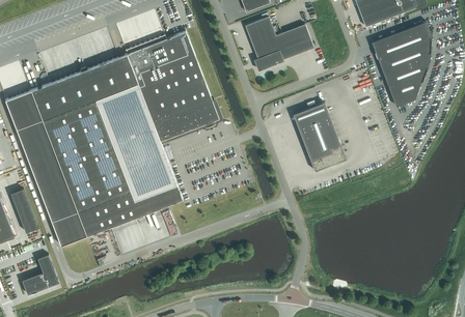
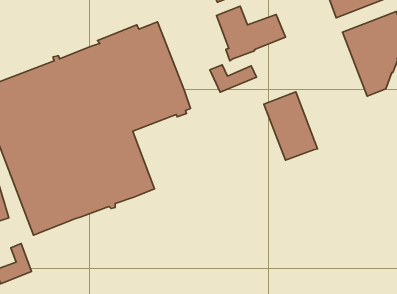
building: none -> [210,65,257,92]

